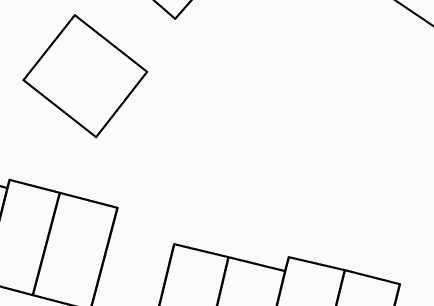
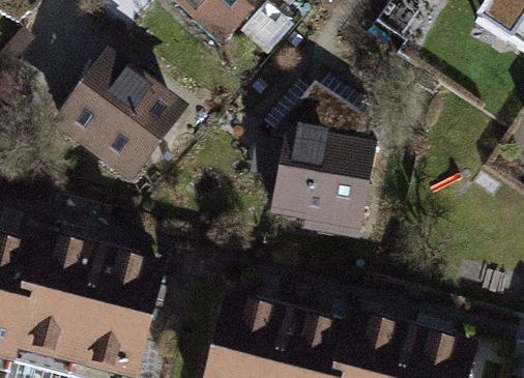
building: none -> [275,83,379,240]

